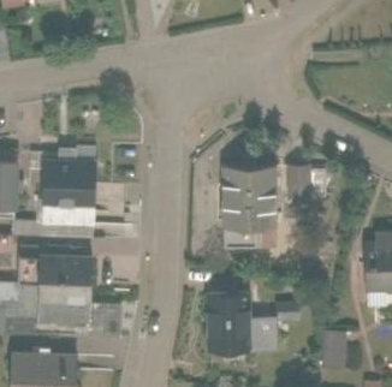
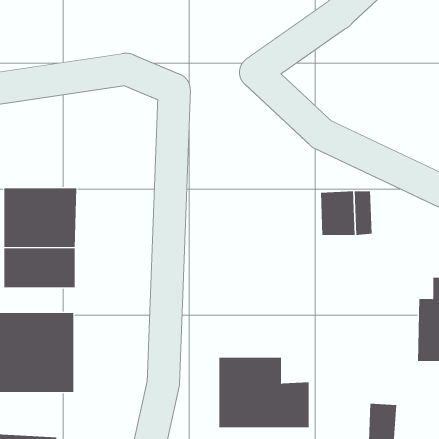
building: [222,163,278,248] -> none

